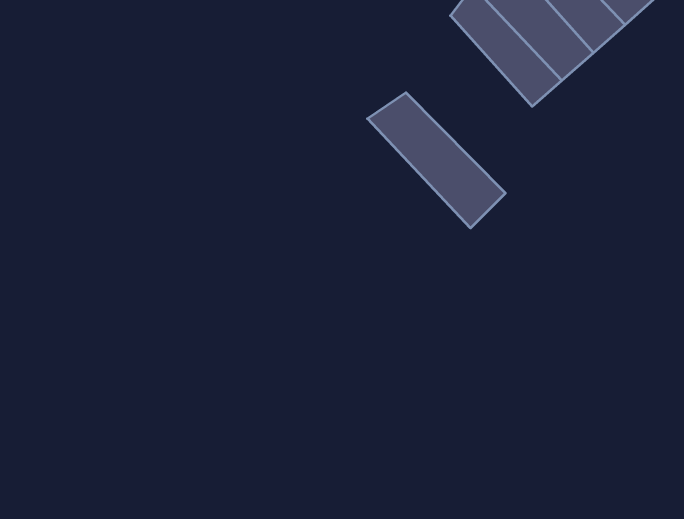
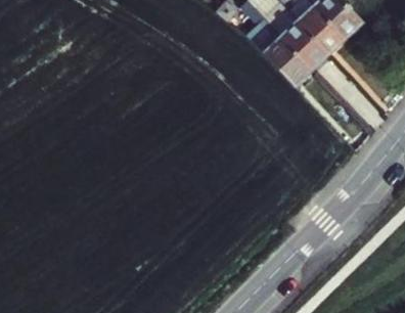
building: [367,93,505,228] -> none

